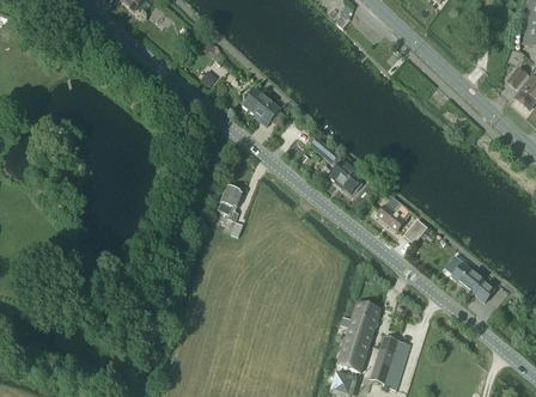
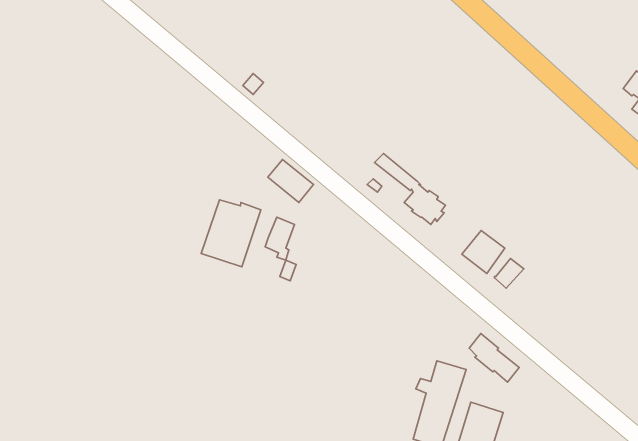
building: [243,88,280,123] -> [268,159,314,202]
building: none -> [201,200,261,267]
building: [453,262,494,301] -> [469,333,519,382]

